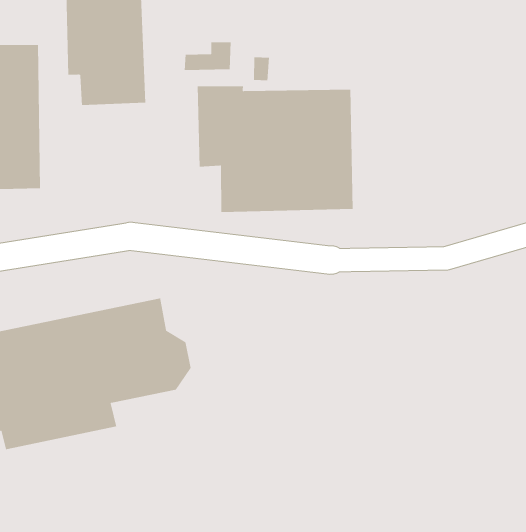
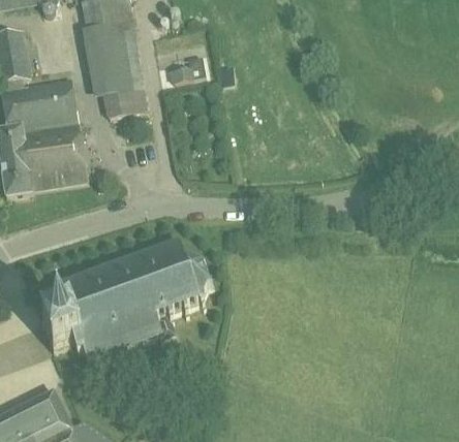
building: [197,85,354,213] -> none

